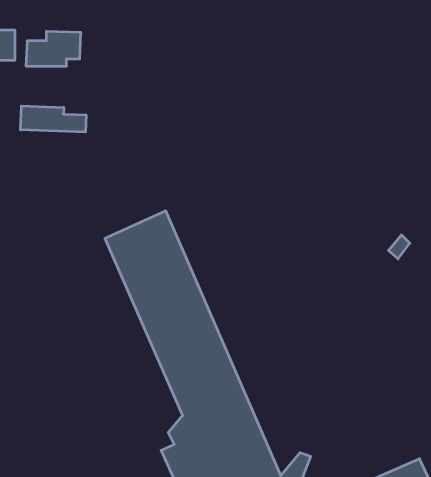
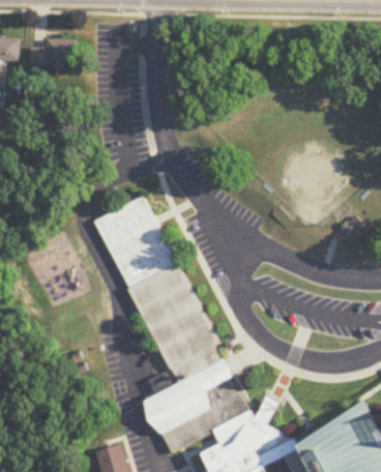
building: [21,106,86,132] -> none

